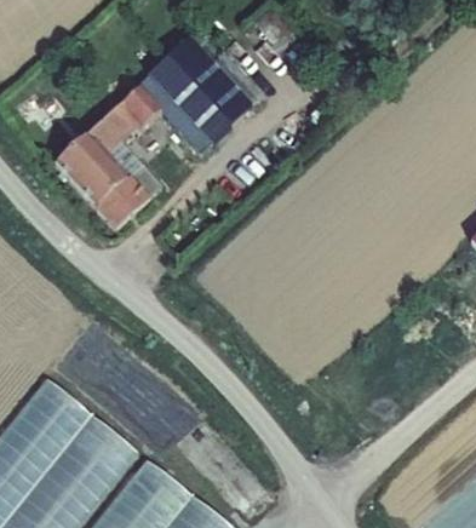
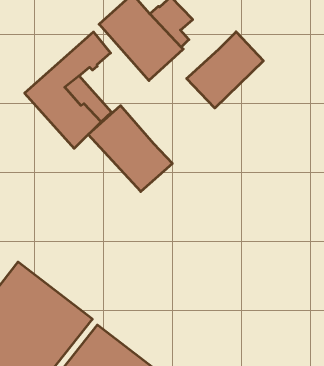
building: none -> [187,32,263,108]
building: none -> [88,106,172,192]

